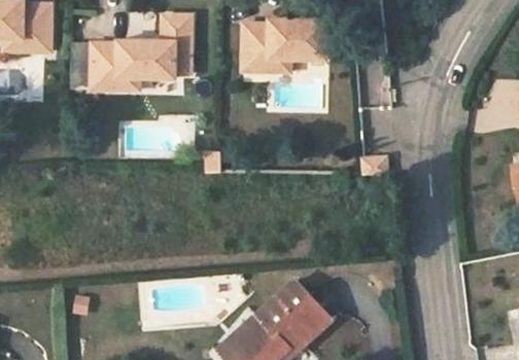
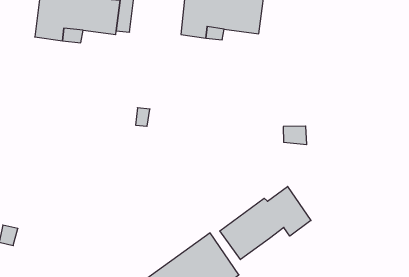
building: none -> [220,186,311,260]

